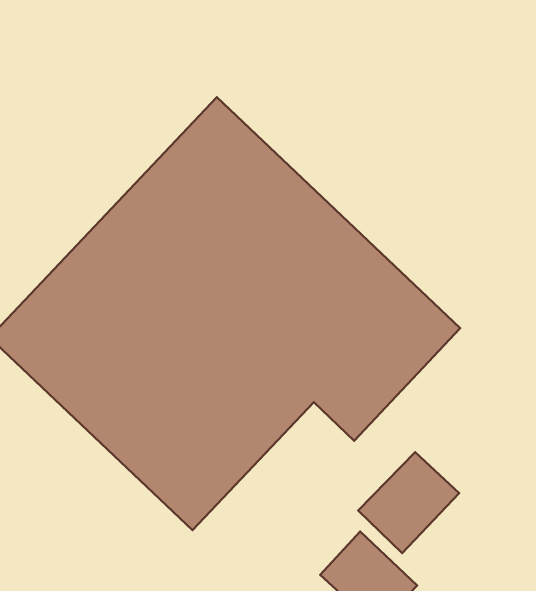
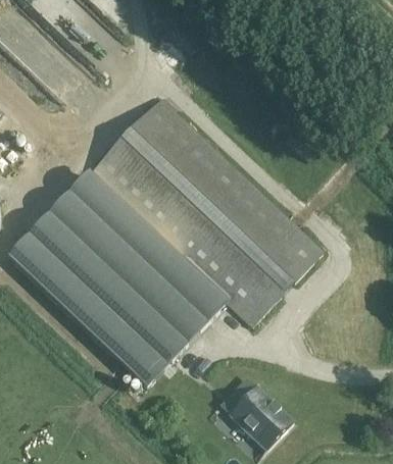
building: [358,452,459,553] -> none

